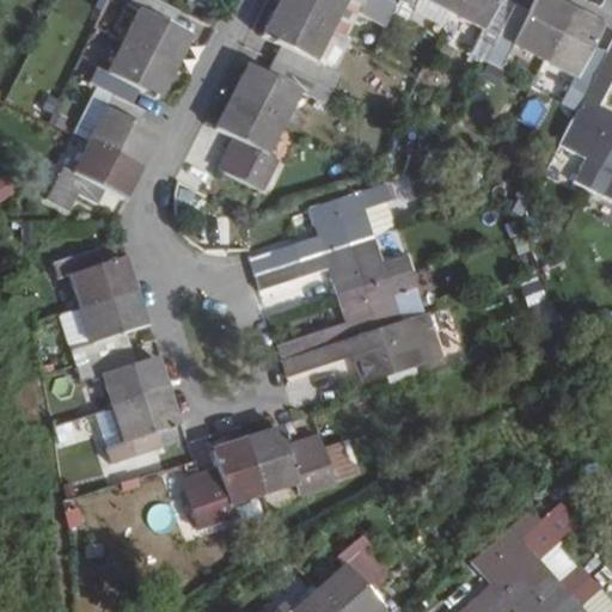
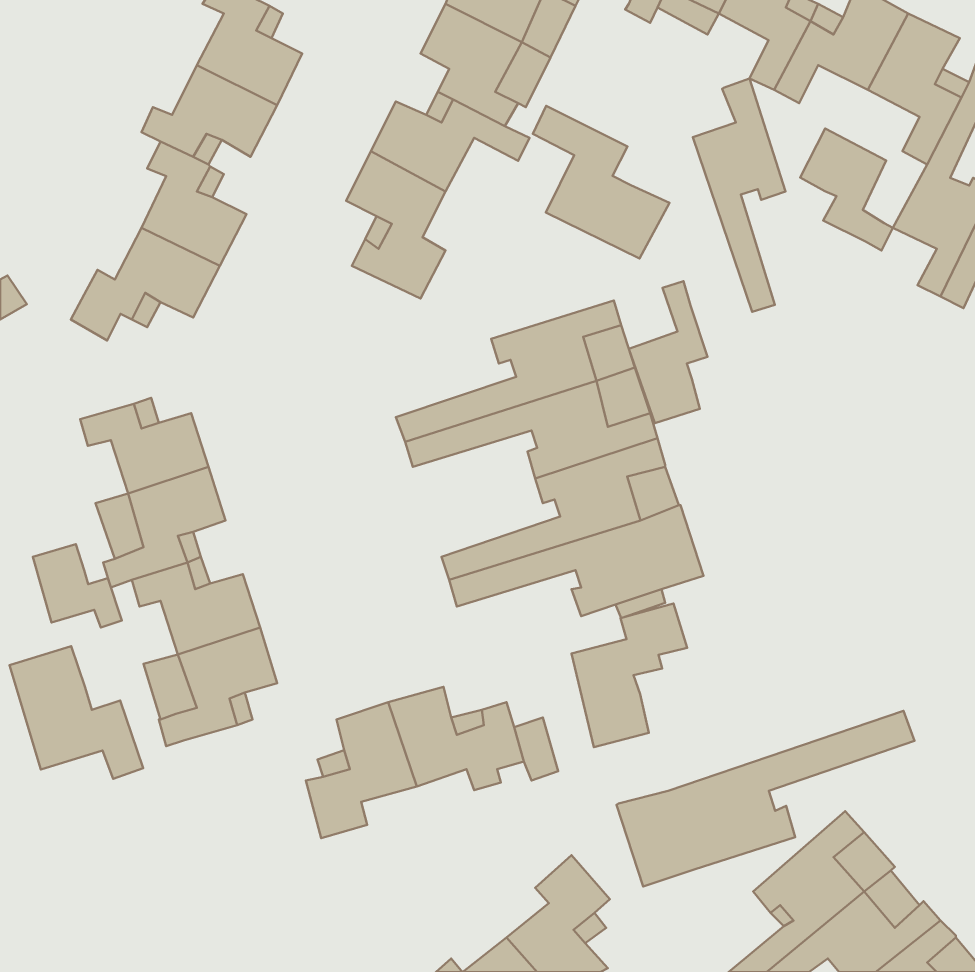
building: none -> [693,78,786,312]
building: none -> [533,106,669,259]
building: none -> [800,128,893,251]
building: none -> [629,281,708,423]
building: none -> [33,544,122,628]
building: none -> [571,604,687,747]
building: none -> [10,646,143,779]
building: none -> [617,711,914,886]

